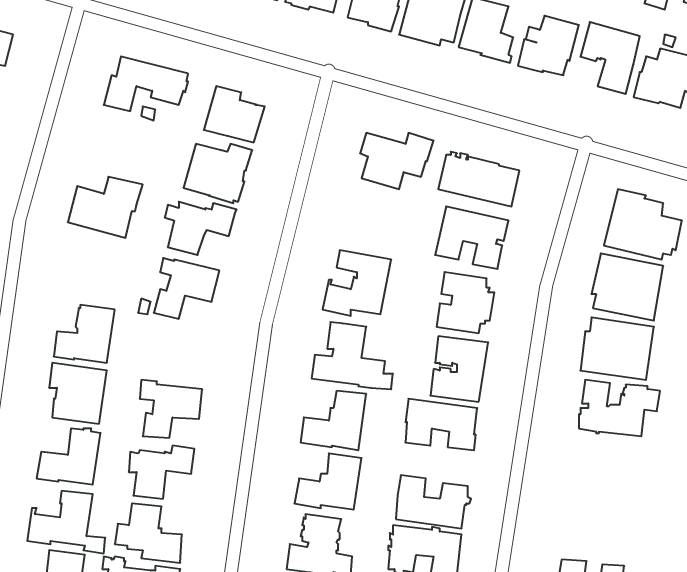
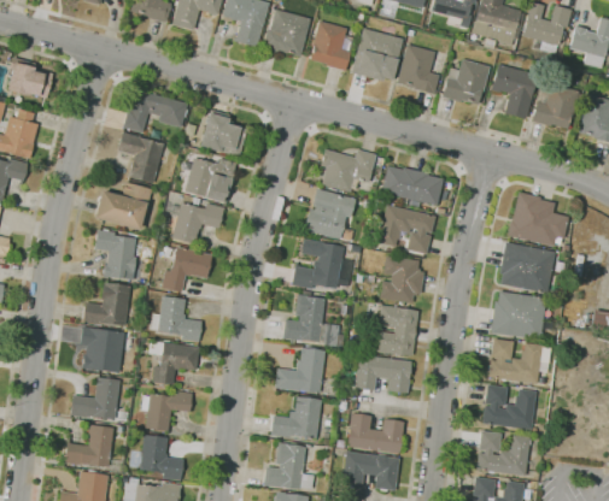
building: none -> [118,134,164,183]
building: none -> [304,189,356,240]
building: none -> [95,229,136,281]
building: none -> [151,296,201,344]
building: none -> [482,385,537,430]
building: none -> [476,431,532,477]

